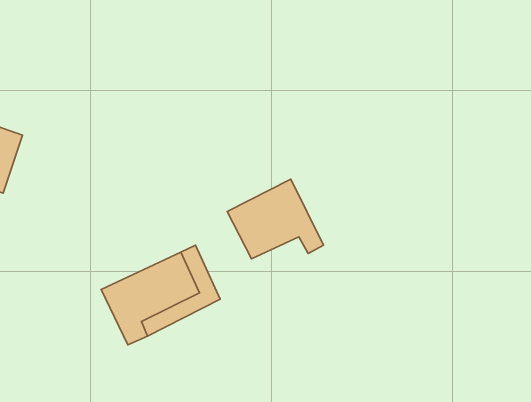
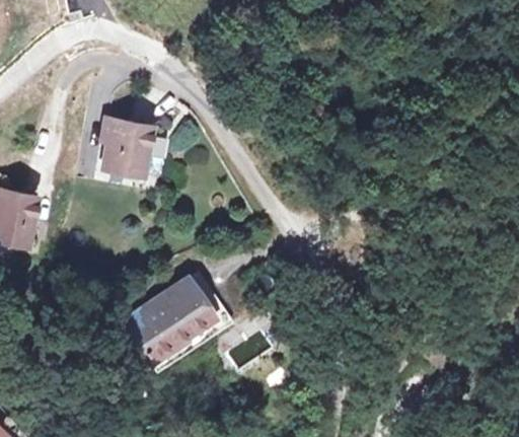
building: none -> [98,118,146,178]
building: [227,179,323,259] -> none

